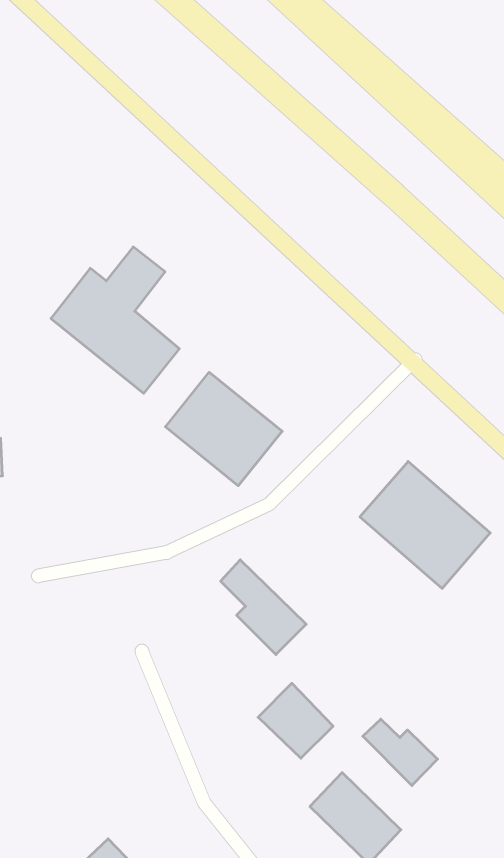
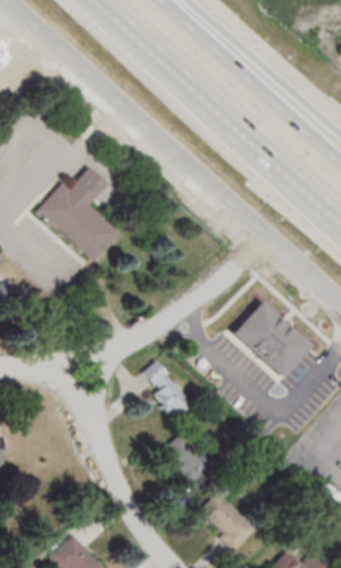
building: [165,372,282,486] -> none
building: [363,719,438,786] -> none

